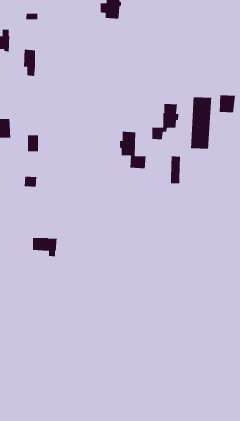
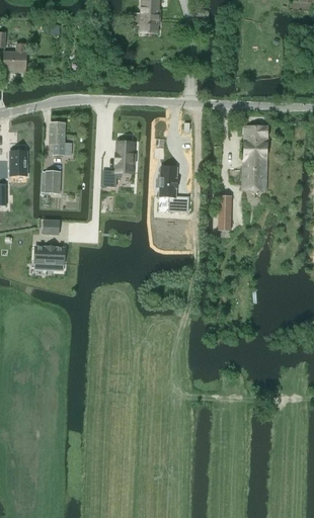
building: [23,49,36,77] -> [50,122,65,156]
building: [219,95,236,113] -> none
building: [152,103,179,140] -> [102,143,136,187]
building: [32,237,57,257] -> [34,247,65,271]

